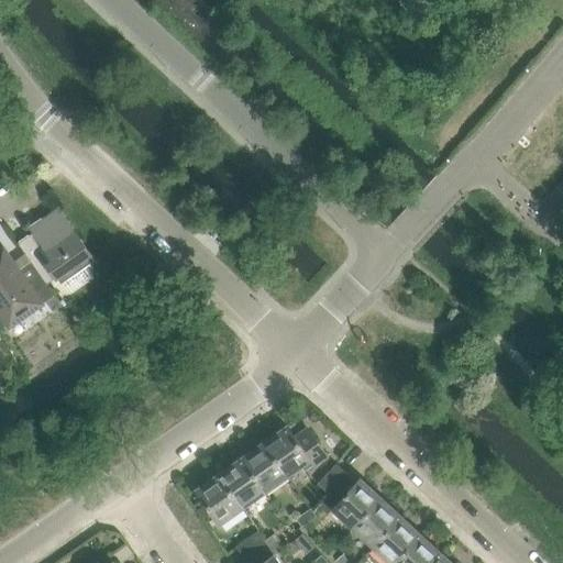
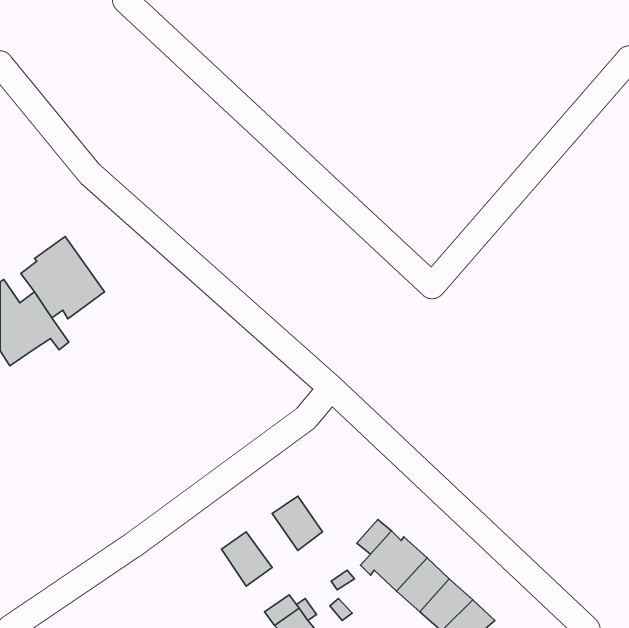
building: [266,427,329,476] -> none
building: [220,460,266,508] -> none

